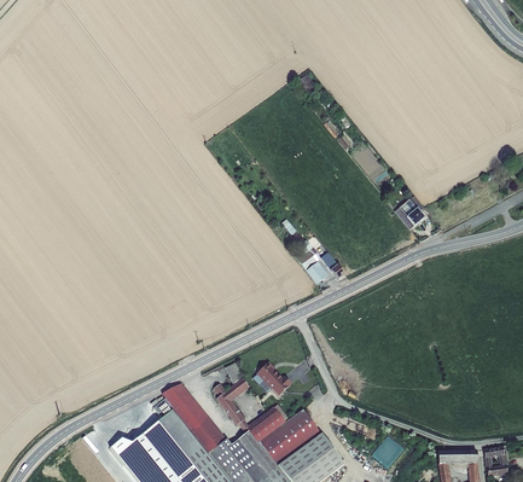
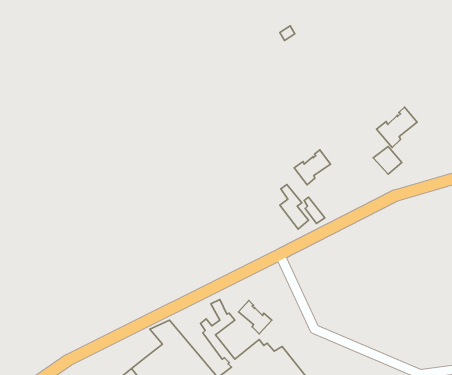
building: none -> [377,107,417,147]
building: none -> [294,150,330,185]

